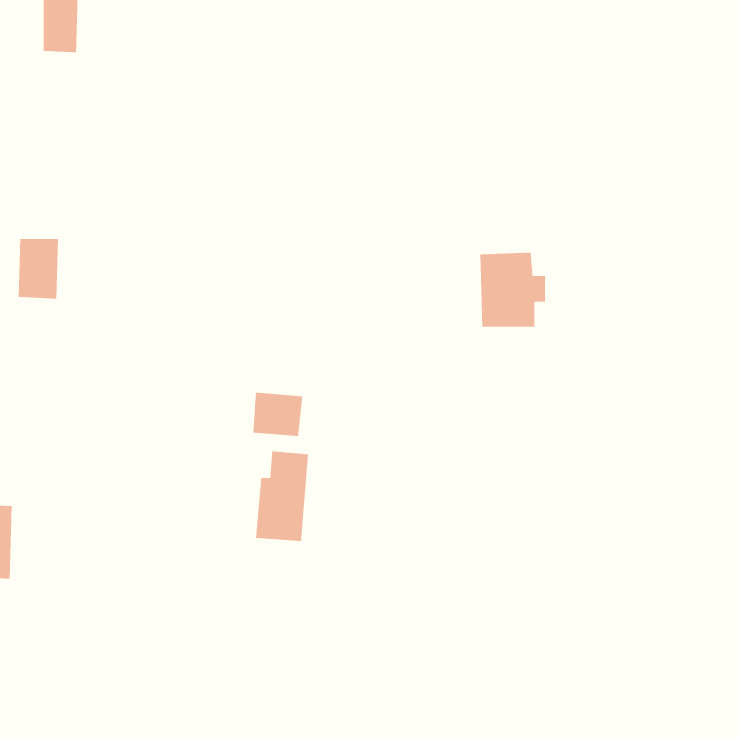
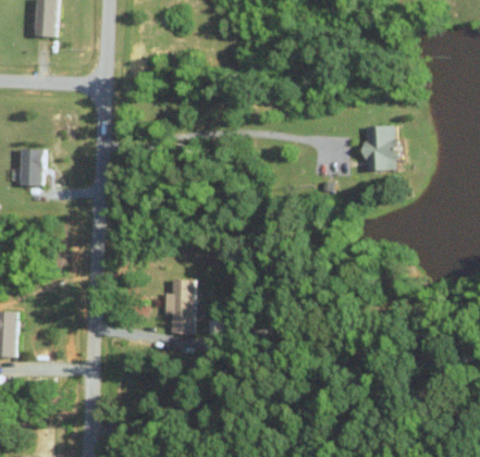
building: [480,252,546,327] -> [364,125,404,171]
building: [253,392,303,437] -> none

